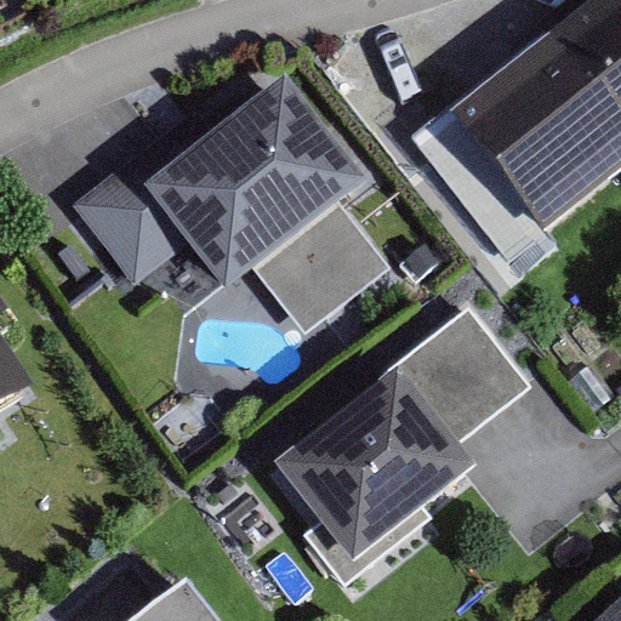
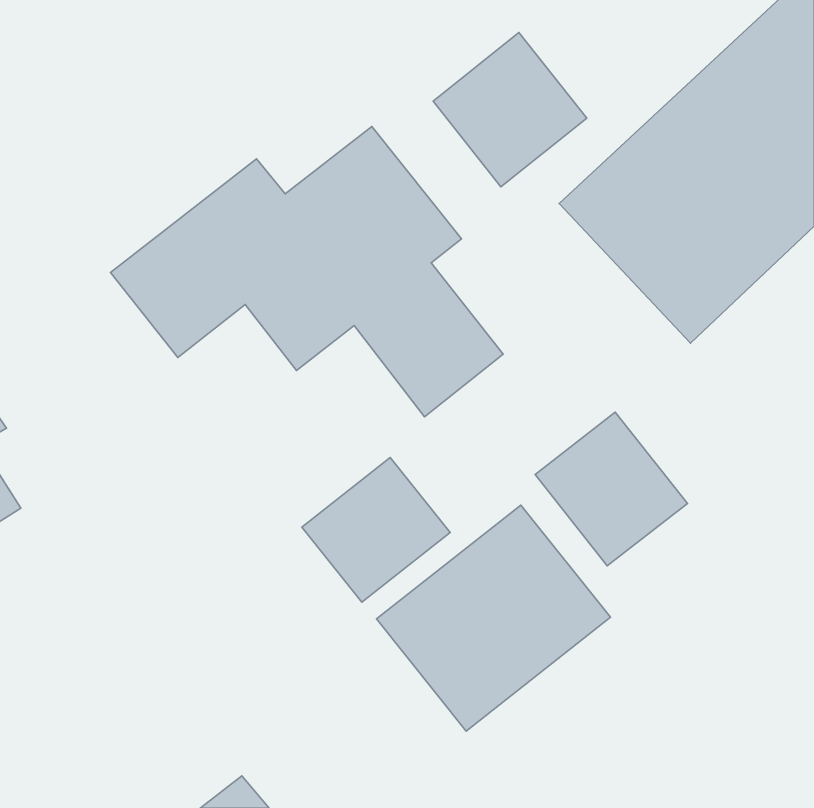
building: none -> [433,32,587,187]
building: none -> [302,457,450,602]

